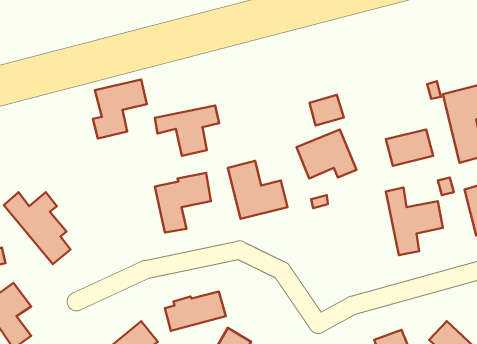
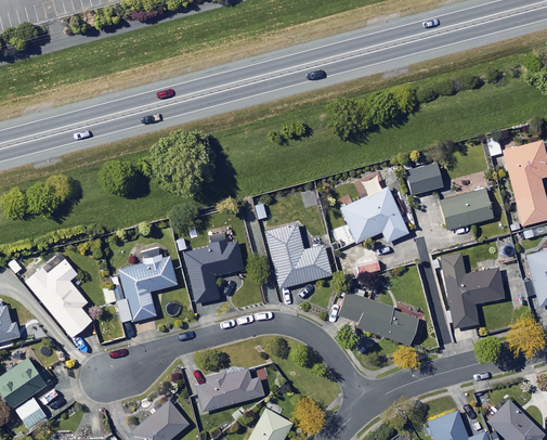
building: [93,79,147,138] -> [117,257,177,322]
building: [309,95,344,125] -> [405,161,443,195]
building: [155,105,219,156] -> none
building: none -> [339,293,418,345]

